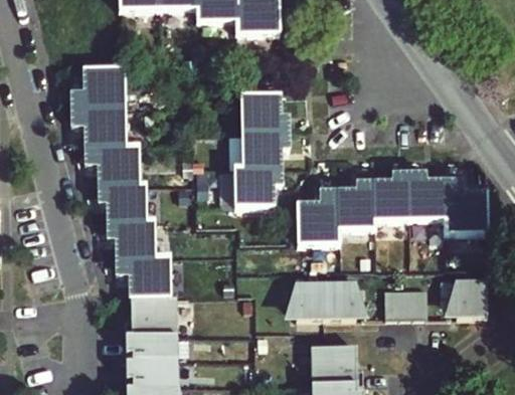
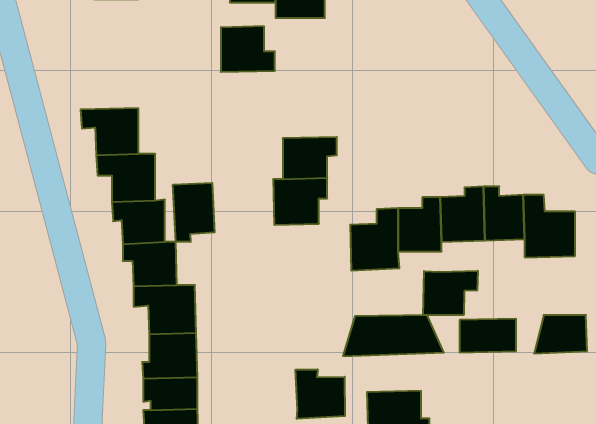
building: [71,69,121,110] -> none
building: [241,95,287,134] -> [221,26,275,72]
building: none -> [173,183,215,242]
building: none -> [423,271,478,315]
building: none -> [296,369,345,419]

